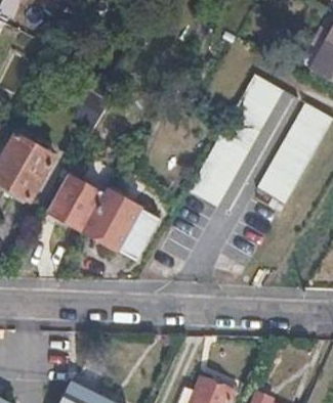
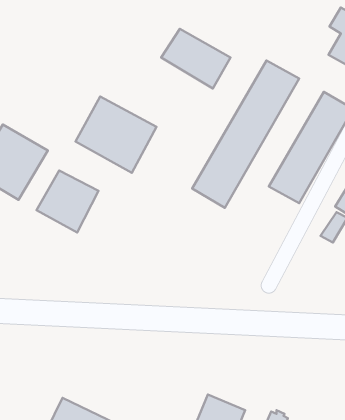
building: none -> [161,29,231,88]
building: [84,189,158,259] -> [75,96,157,173]

